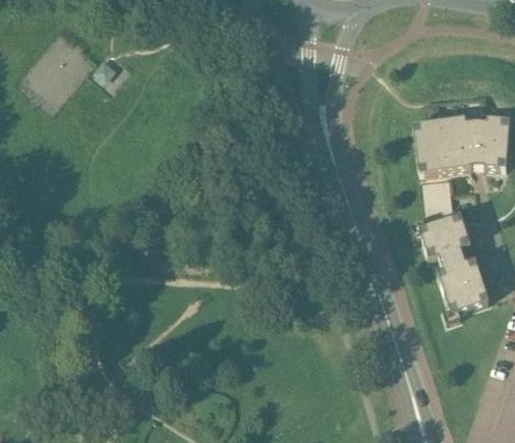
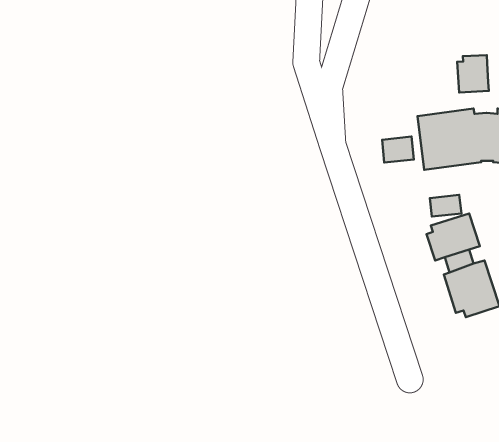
building: none -> [457,55,489,92]
building: [422,174,452,199] -> [382,136,414,163]

